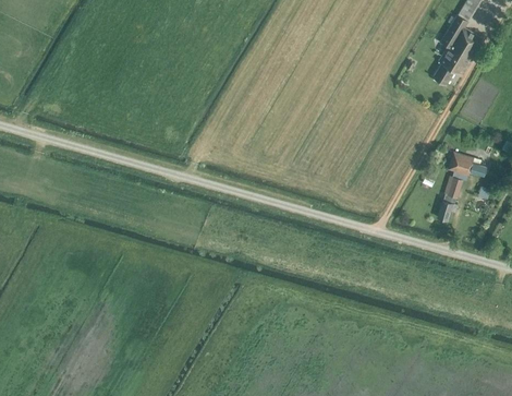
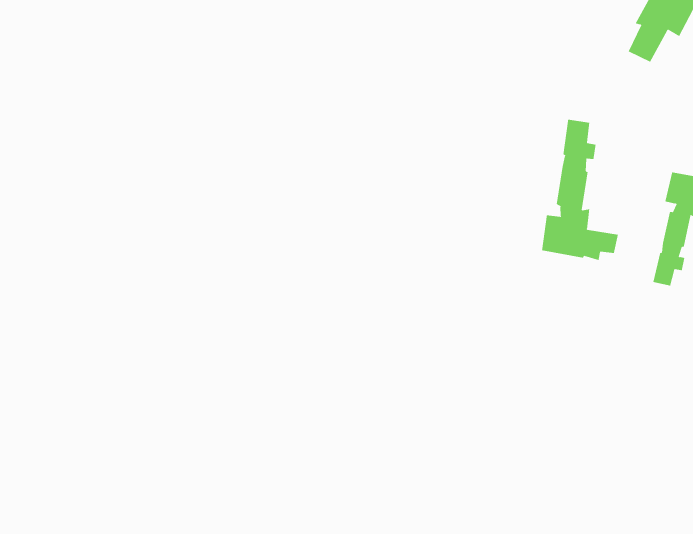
building: none -> [542,119,618,261]

